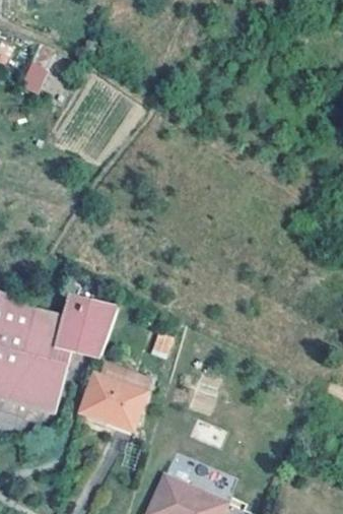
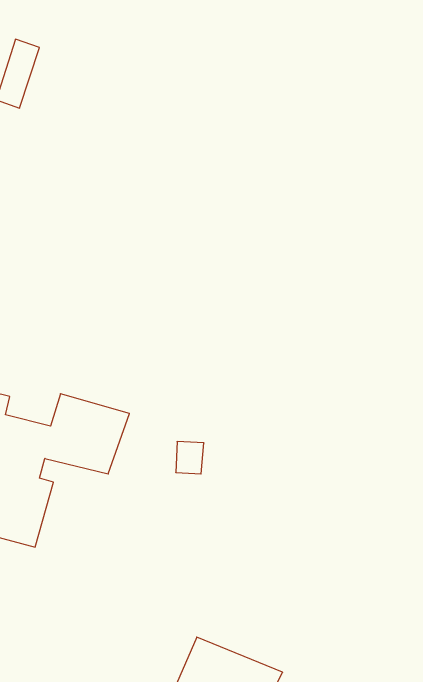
building: [84,374,149,431] -> none

